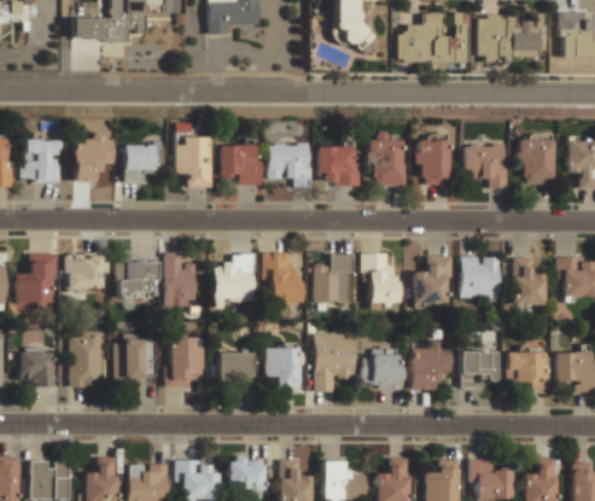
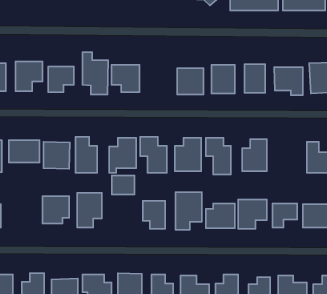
building: [269,145,310,187] -> none
building: [460,257,500,298] -> none
building: [70,333,103,385] -> none
building: [218,353,252,381] -> [112,175,134,195]

